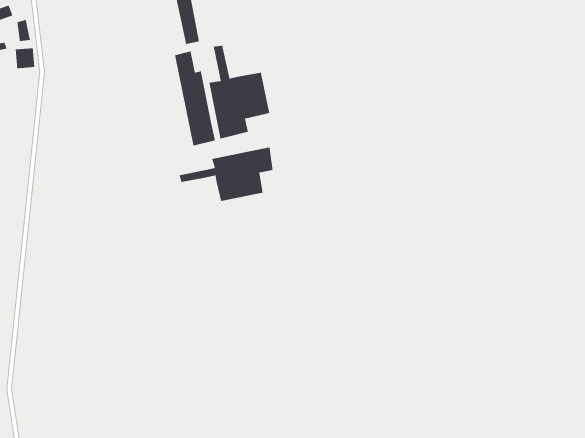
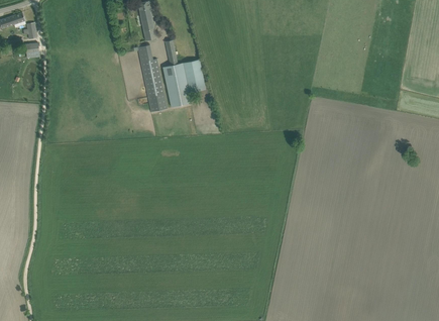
building: [178,147,274,202] -> none

